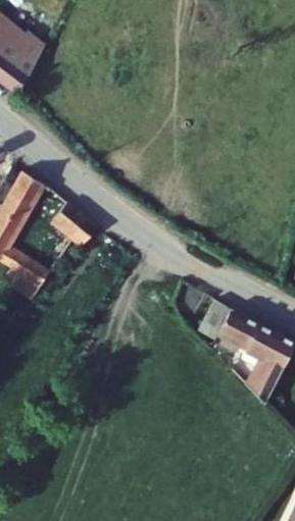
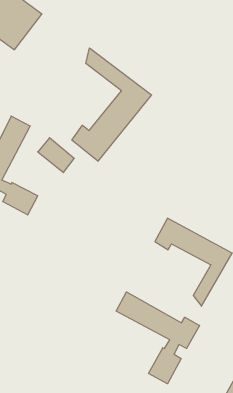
building: none -> [72,48,152,161]
building: none -> [116,292,200,384]

